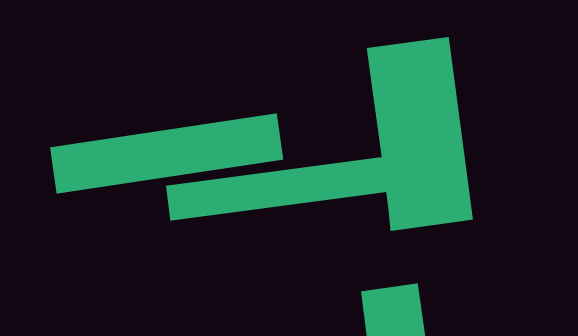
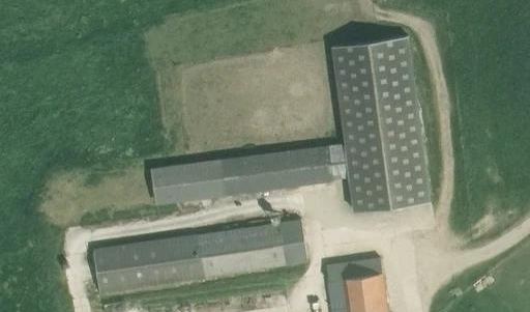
building: [49,113,284,194] -> [94,220,306,293]

